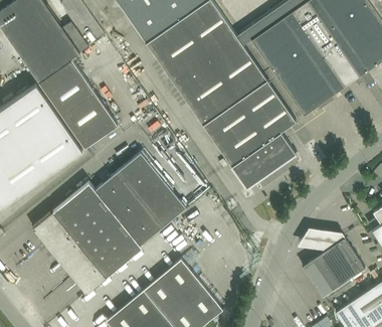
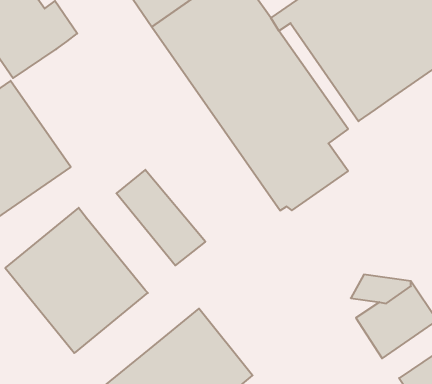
building: [39,60,119,149] -> none
building: [96,171,164,246] -> none

